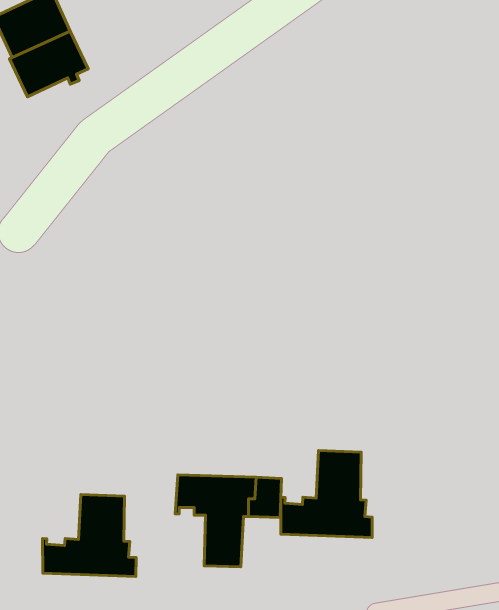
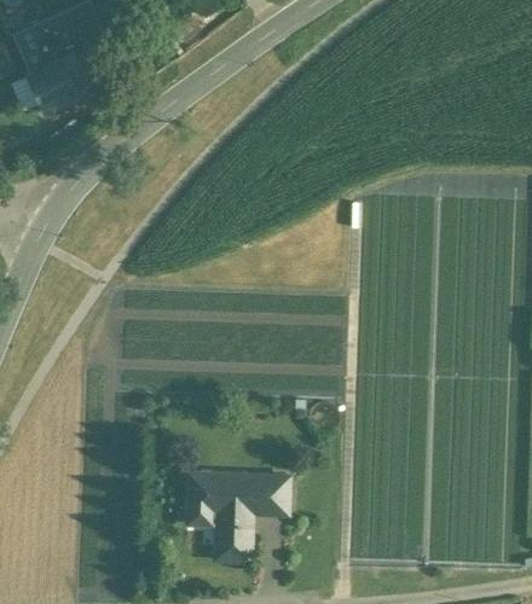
building: [281,451,372,537] -> none
building: [42,495,136,577] -> none

